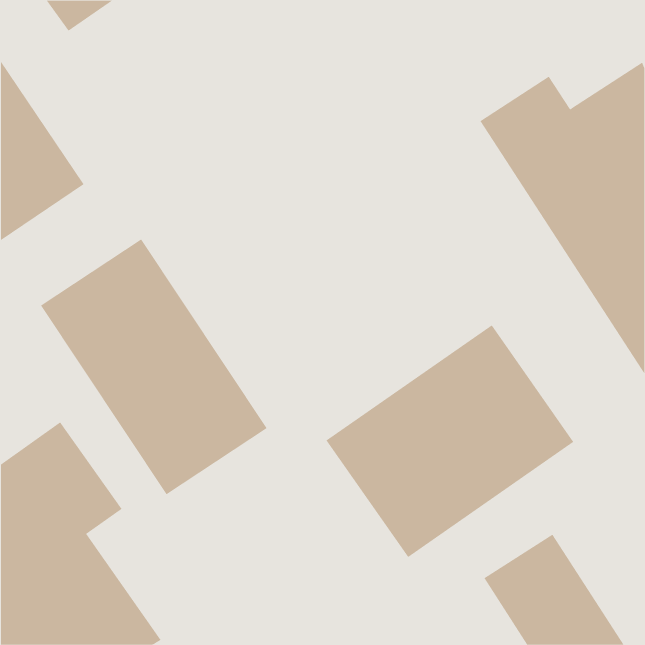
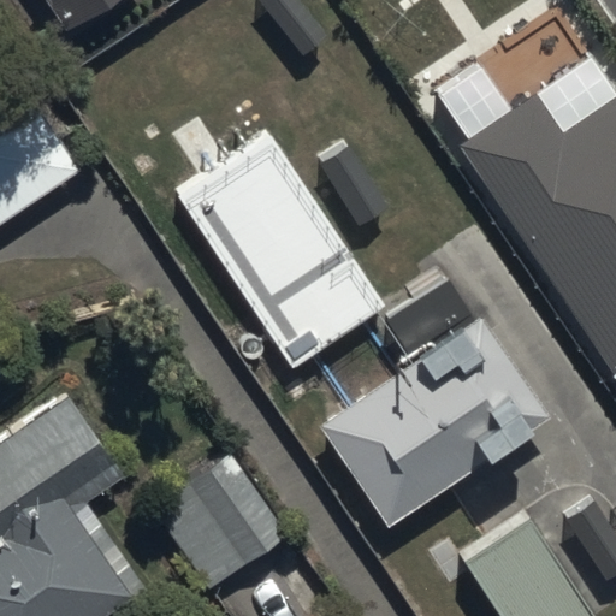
building: none -> [178,131,383,362]
building: [40,238,267,495] -> none
building: none -> [153,458,289,597]

